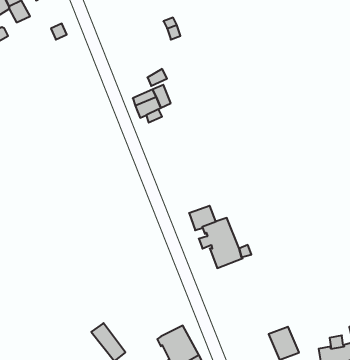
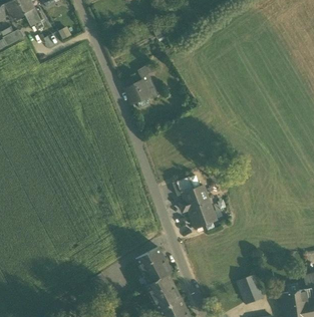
building: none -> [136,247,172,283]

